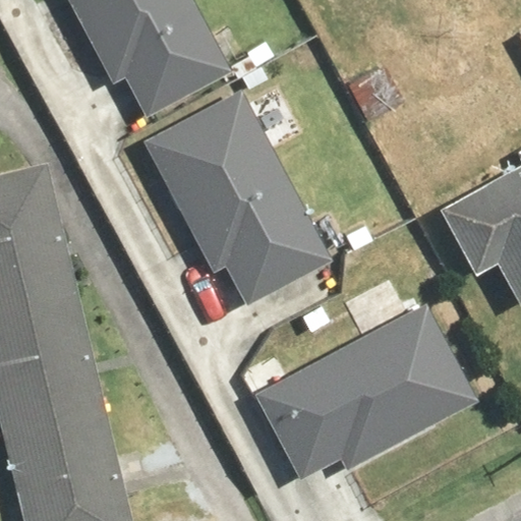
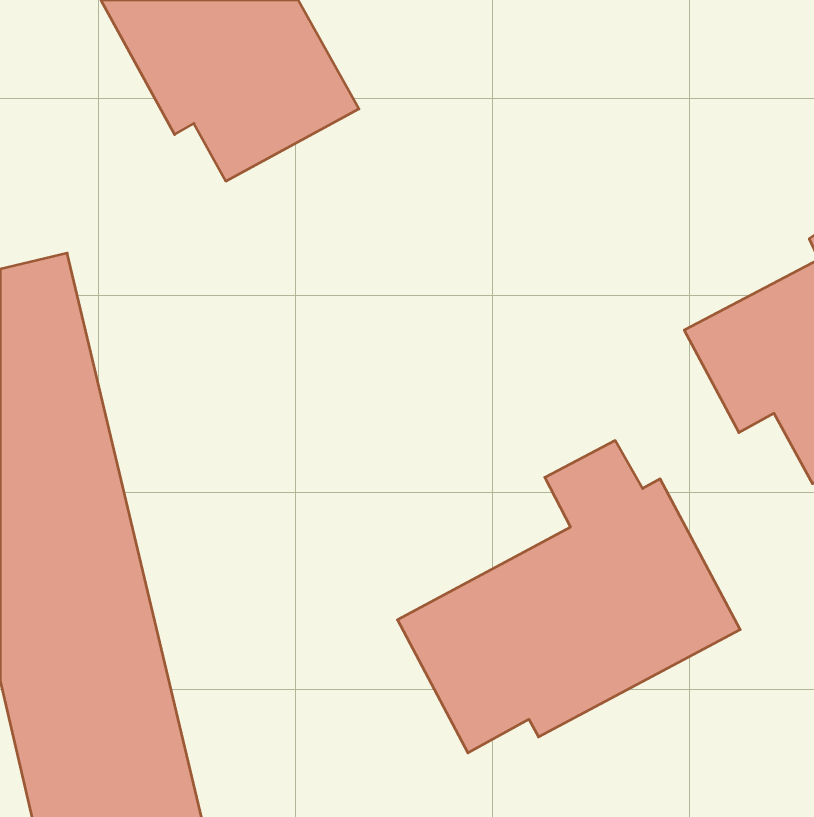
building: [143,90,330,301] -> none

